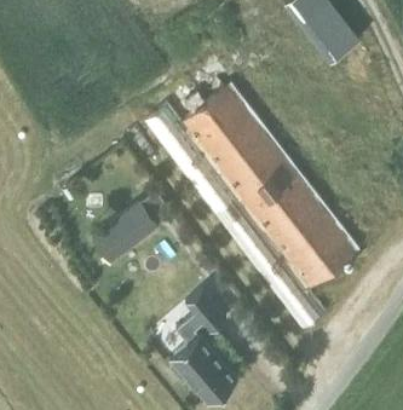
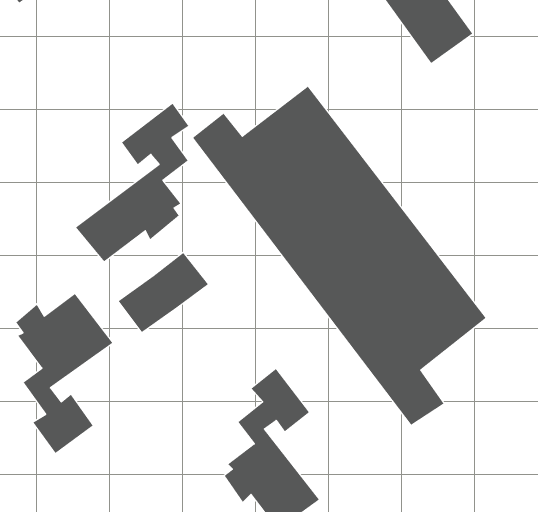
building: none -> [75,103,189,262]
building: none -> [15,293,113,454]

